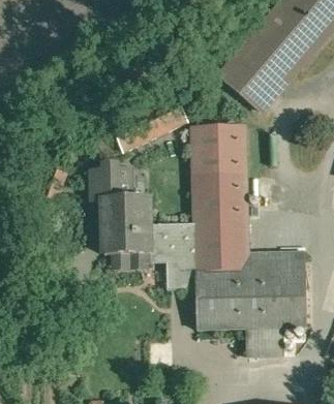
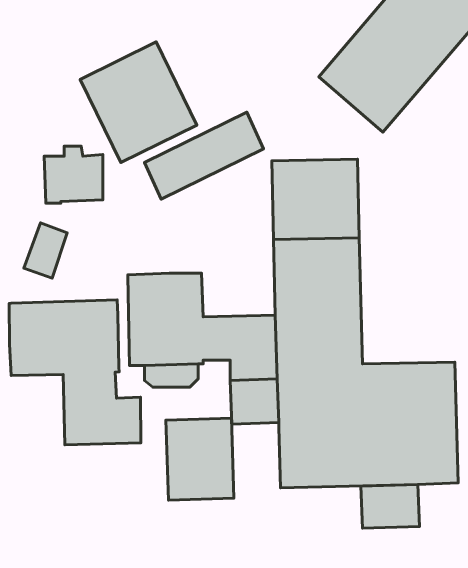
building: none -> [80,42,197,162]
building: [90,163,126,198] -> [44,146,103,203]
building: none -> [9,300,141,445]
building: none -> [166,418,234,500]

